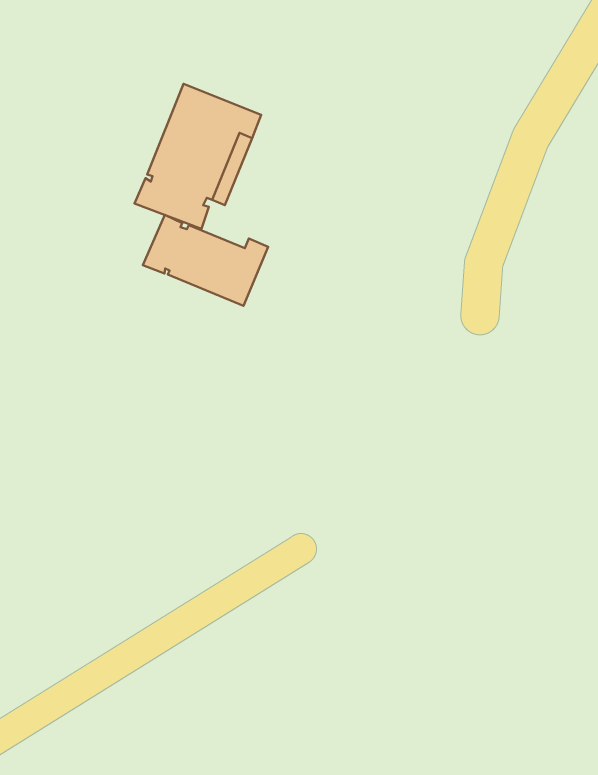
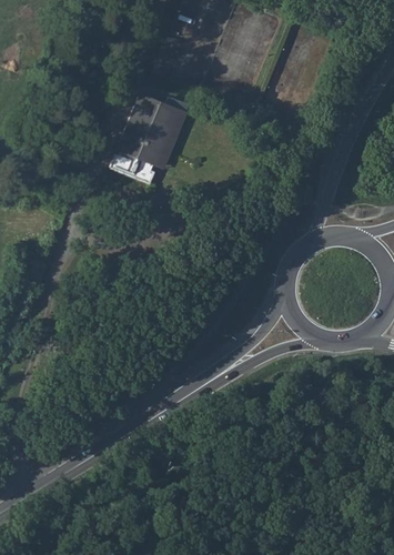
building: [143,215,268,306] -> none

